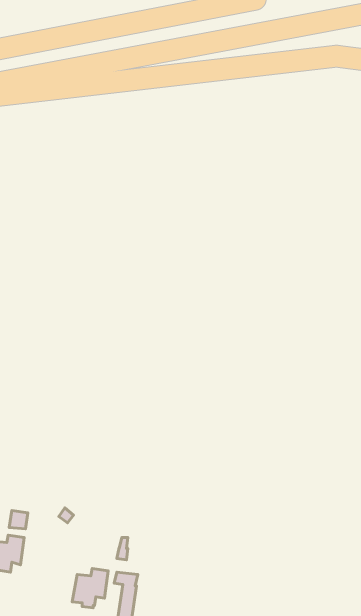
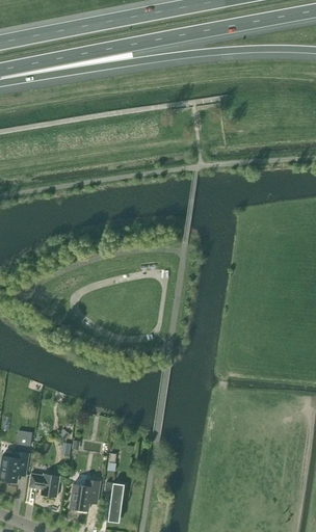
building: none -> [28,474,59,497]

